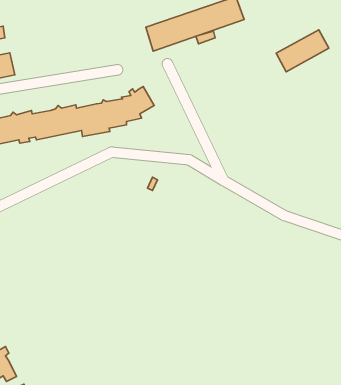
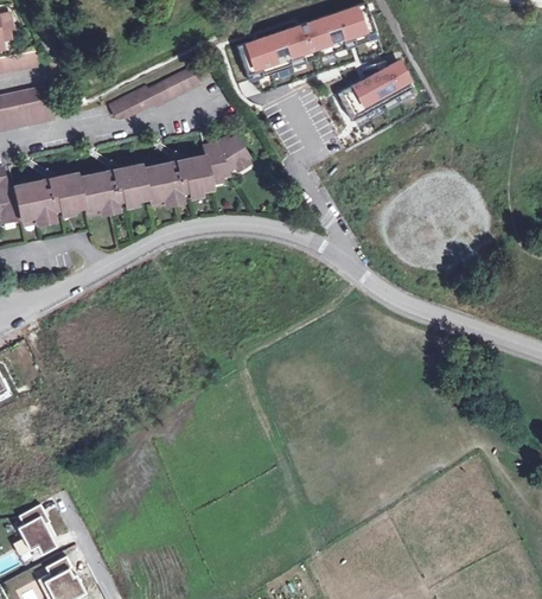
building: [276,30,329,72] -> [339,64,414,123]
building: none -> [108,66,198,117]

